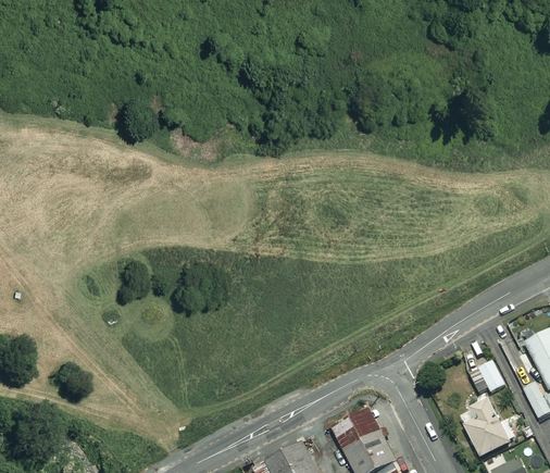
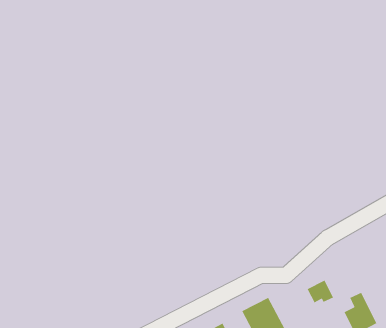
building: [468,361,504,393] -> [307,280,334,304]

